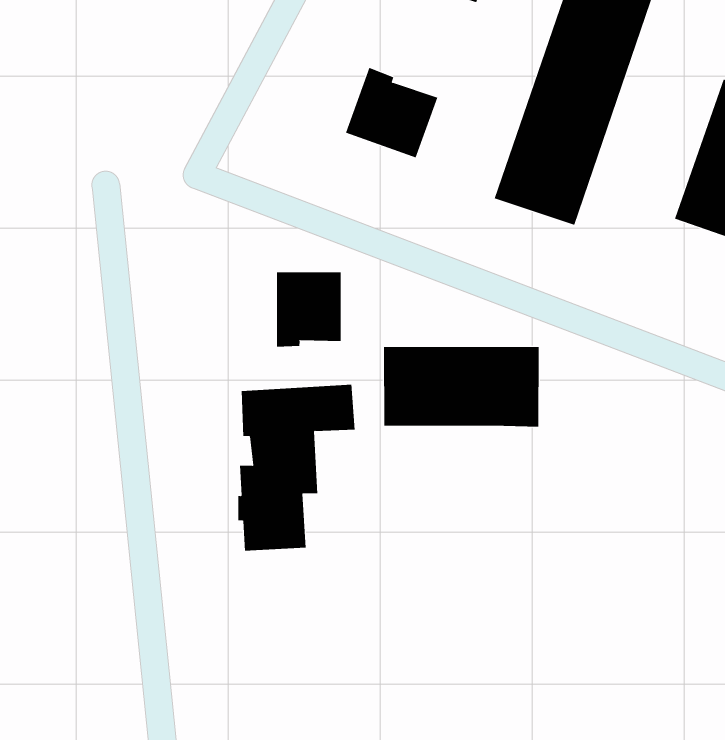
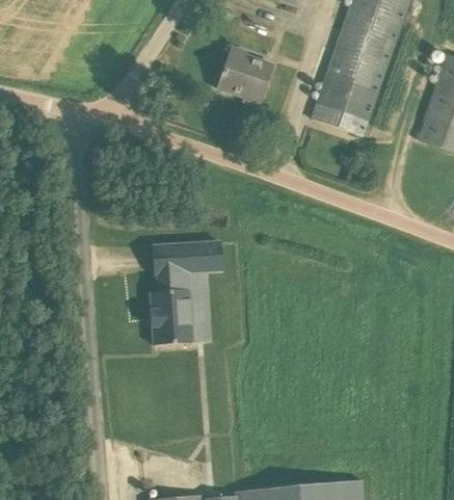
building: [277,271,341,348] -> none
building: [383,346,539,428] -> none

